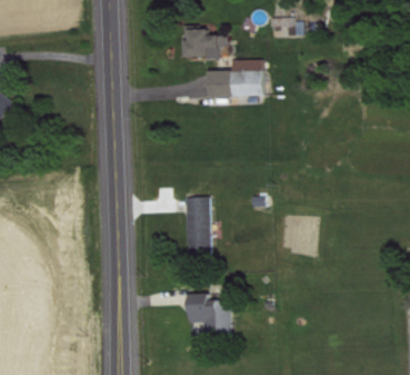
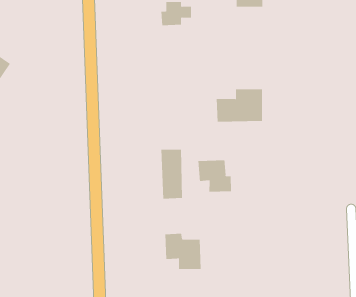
building: [209,60,262,98] -> [216,89,263,122]
building: none -> [198,160,232,192]

